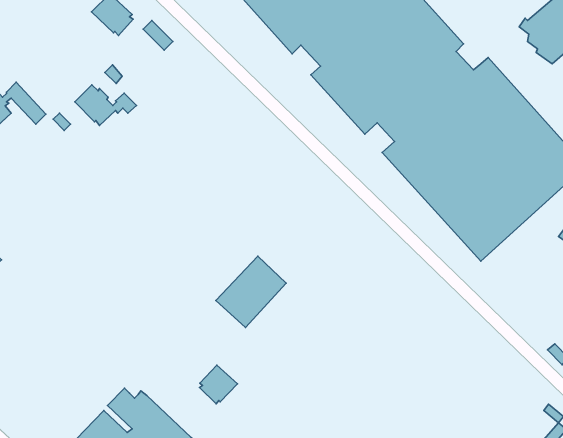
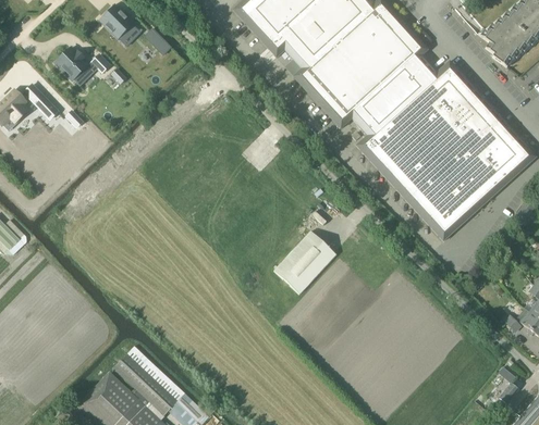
building: [75,85,136,125] -> [57,47,111,83]
building: [216,256,286,328] -> [274,230,336,293]
building: [200,365,237,404] -> none

